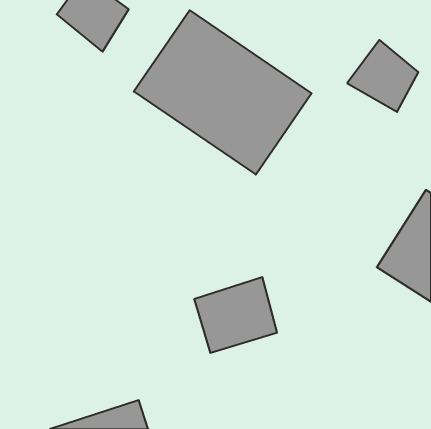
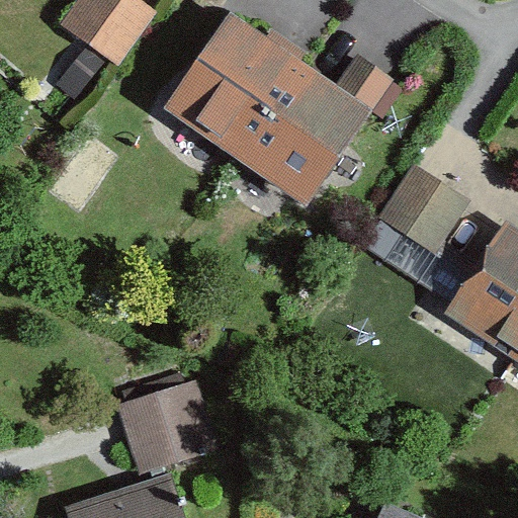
building: [347,40,418,112] -> [381,162,466,248]
building: [194,277,277,353] -> [119,375,219,465]

